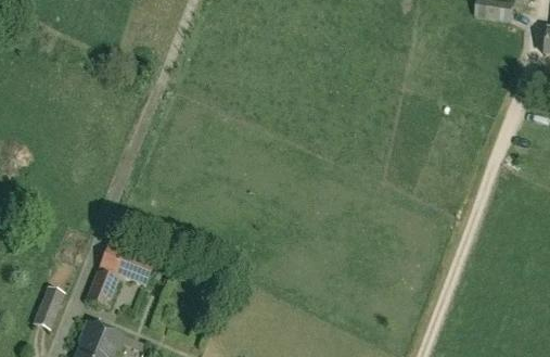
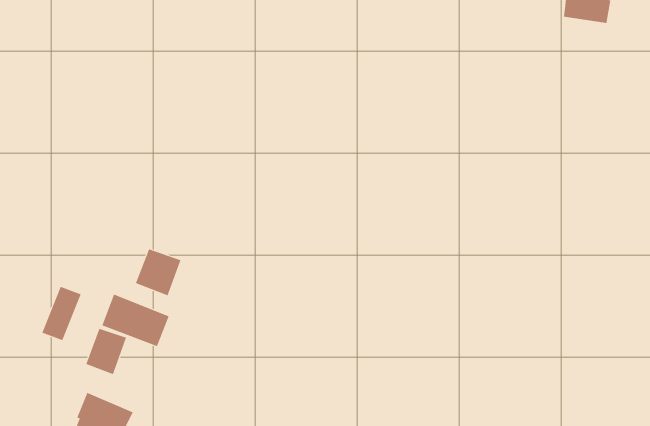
building: none -> [135,248,181,296]
building: [33,284,65,329] -> [41,286,81,341]

